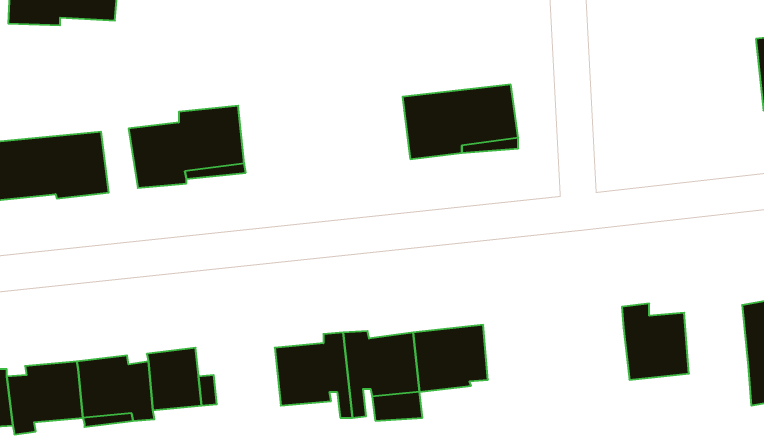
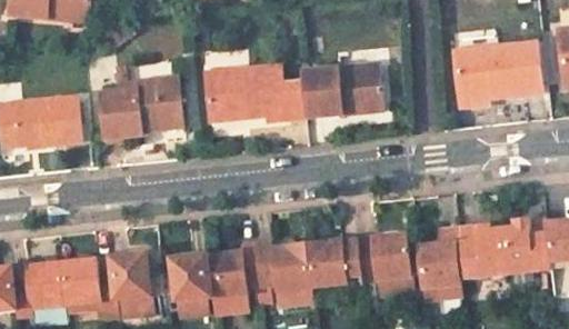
building: none -> [452,41,539,101]
building: none -> [203,64,303,121]
building: none -> [503,216,550,273]
building: none -> [413,226,459,299]
building: none -> [357,233,410,281]
building: none -> [168,255,209,300]

